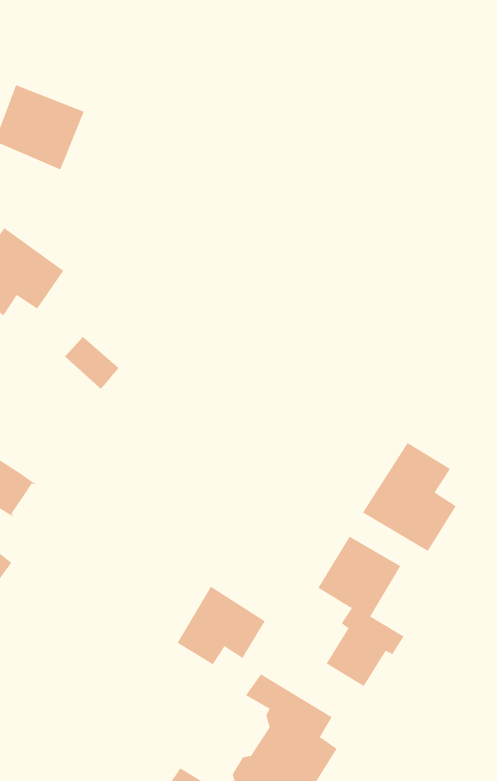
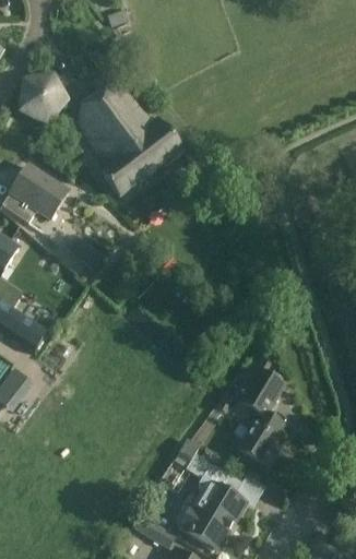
building: none -> [79,67,181,193]
building: [362,442,456,552] -> none
building: [177,586,265,665] -> none

